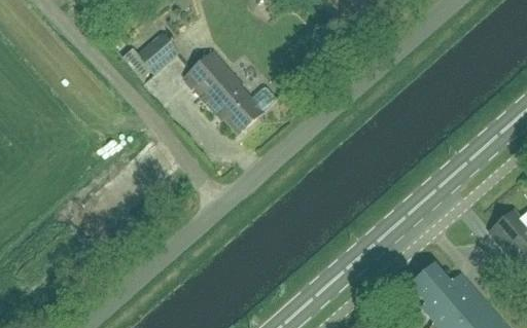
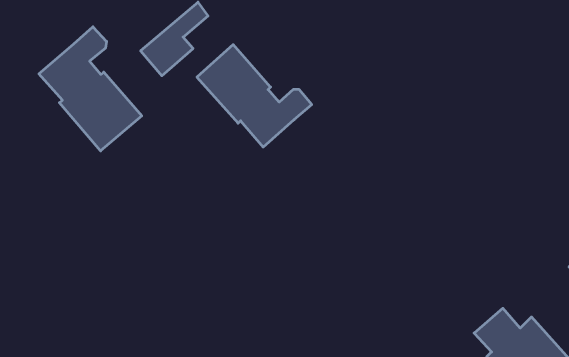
building: none -> [39,27,142,151]

